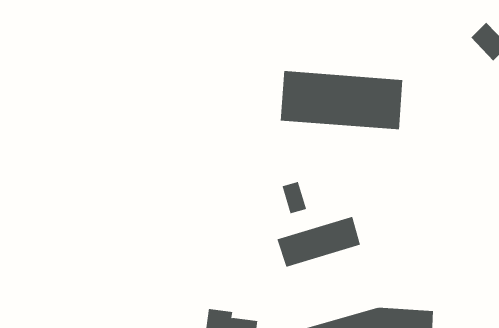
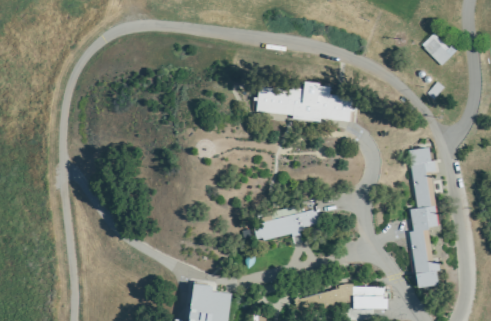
building: none -> [403,146,442,288]
building: [282,181,307,214] -> none

